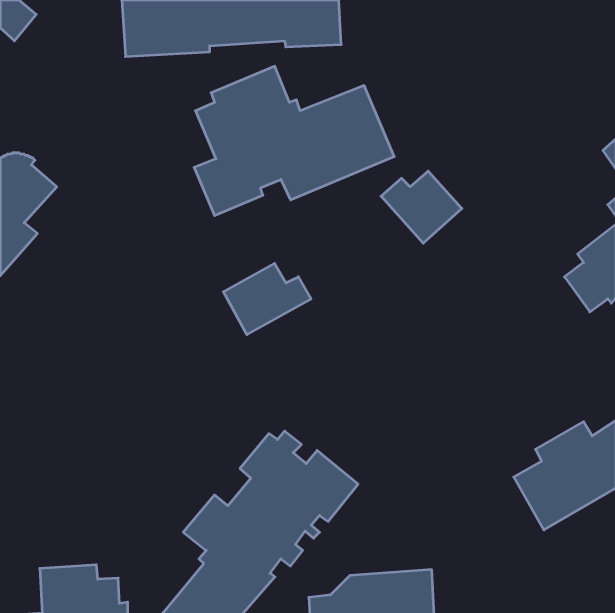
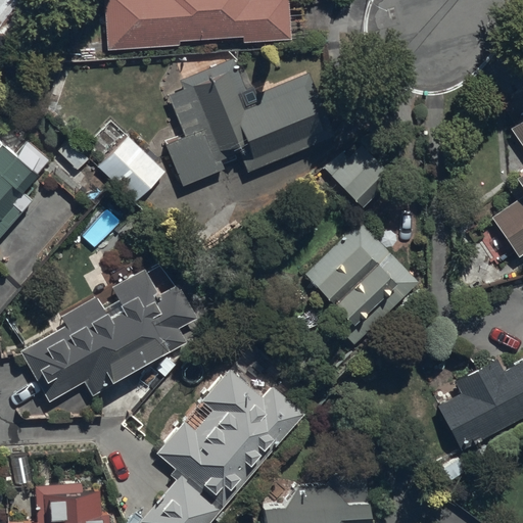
building: none -> [97,137,163,202]
building: none -> [304,223,419,339]
building: [223,263,311,335] -> none
building: none -> [20,264,195,402]

